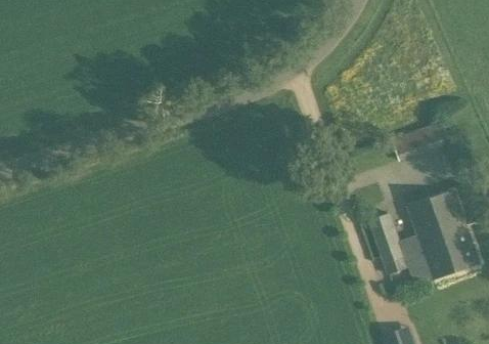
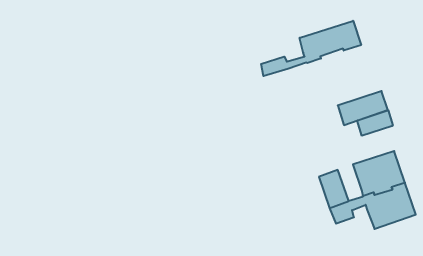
building: none -> [261,21,361,76]
building: none -> [357,110,393,136]

